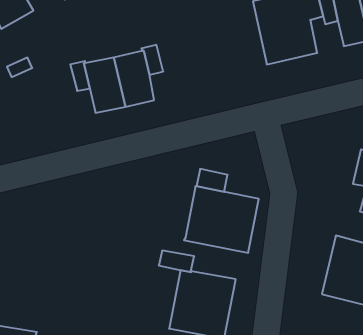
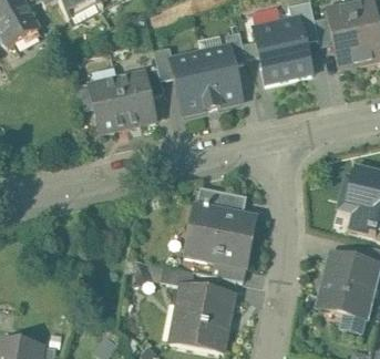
building: none -> [171,42,242,111]

